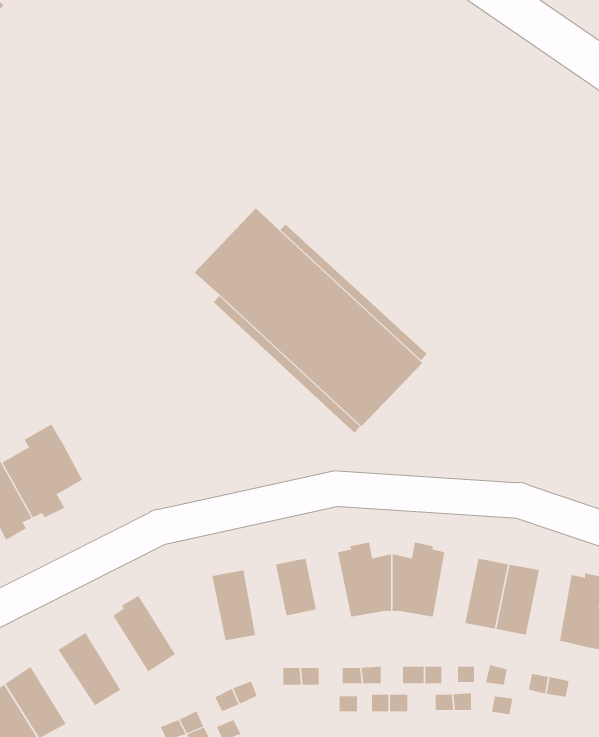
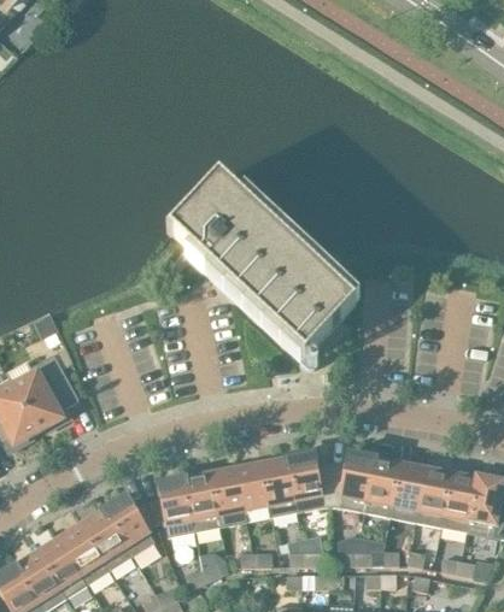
building: none -> [260,458,297,516]
building: none -> [364,458,400,516]
building: none -> [210,467,246,525]
building: none -> [440,472,476,530]
building: none -> [157,476,194,536]
building: none -> [81,510,131,570]
building: none -> [36,537,88,598]

